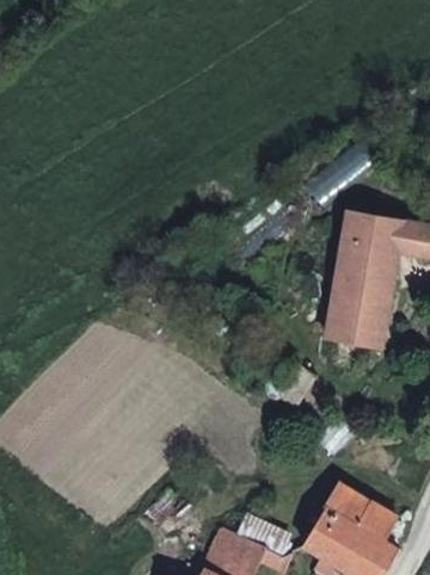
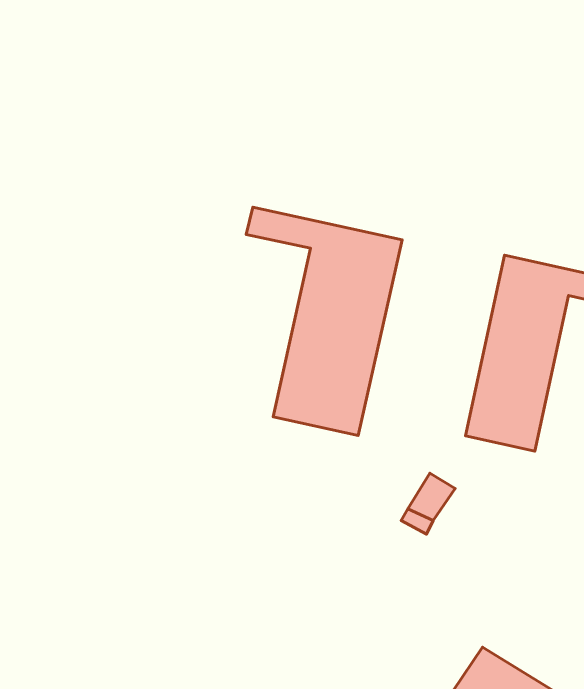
building: none -> [246,207,402,436]

